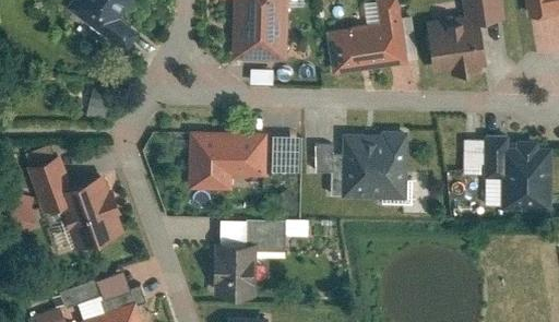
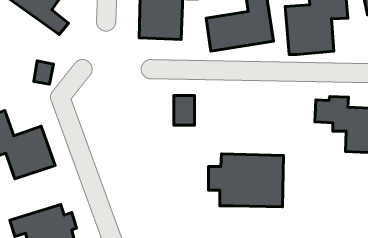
building: [190,130,272,194] -> none
building: [311,130,411,200] -> [208,154,283,207]
building: [204,222,301,299] -> none

